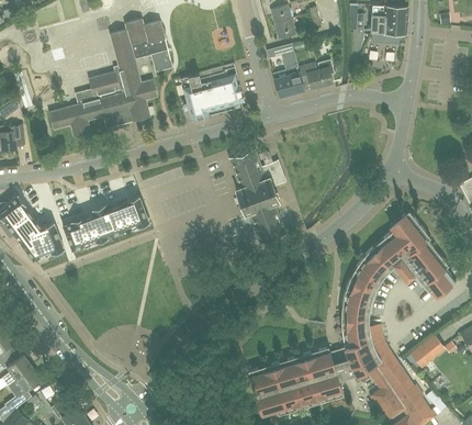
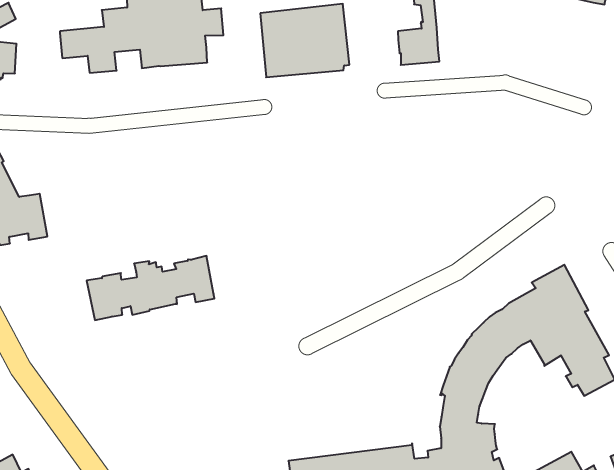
building: [299,60,335,89] -> none
building: [231,149,285,243] -> none
building: [63,195,149,250] -> [87,256,214,320]

